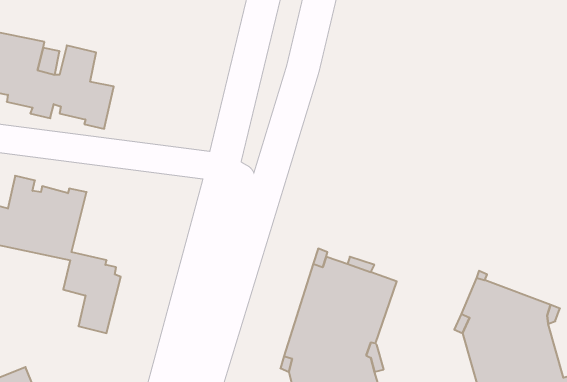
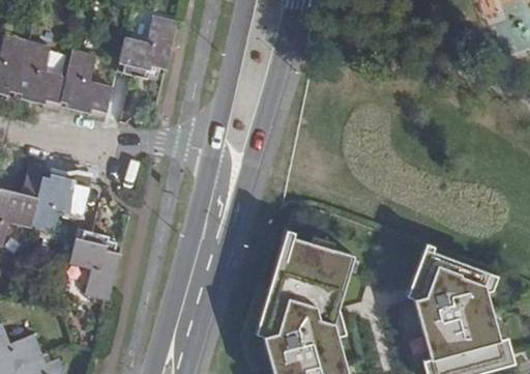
building: none -> [112,16,173,79]

